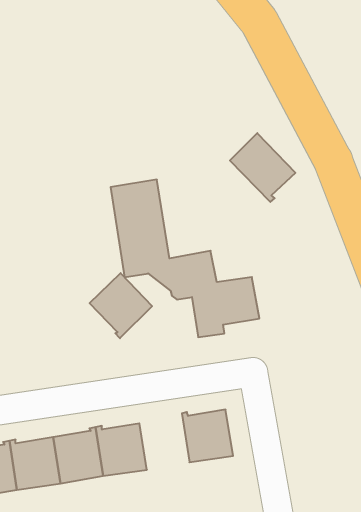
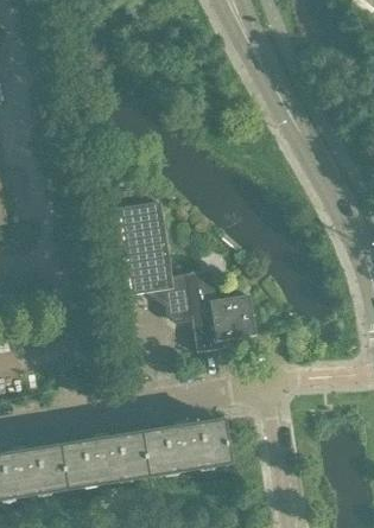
building: [230,133,295,202] -> none
building: [90,273,152,338] -> none
building: none -> [141,422,189,476]

